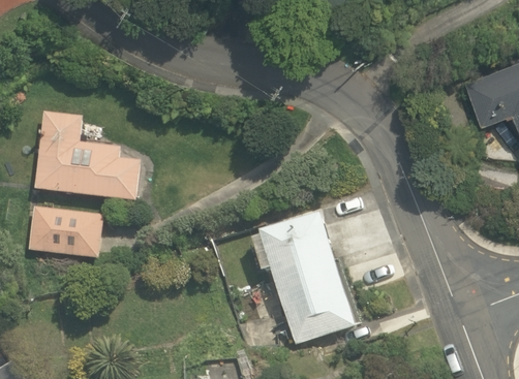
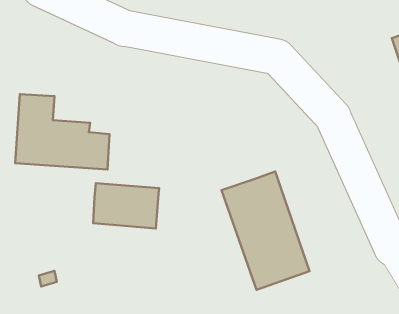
building: [27,204,102,258] -> [93,183,159,228]

